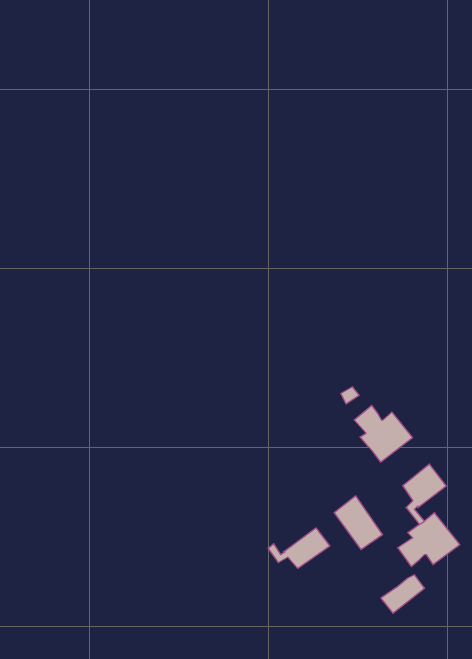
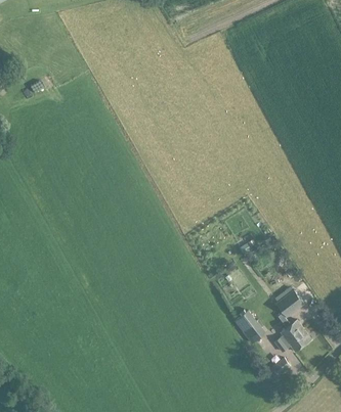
building: [354,405,413,462] -> none
building: [268,528,330,568] -> none

